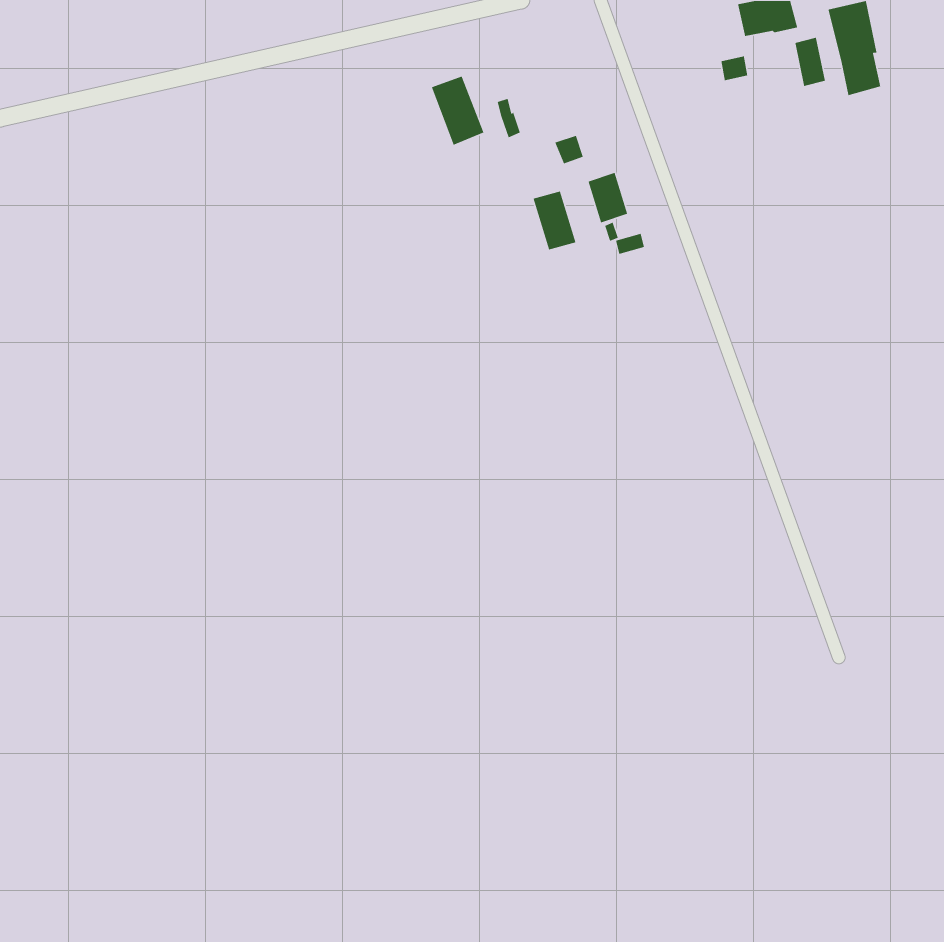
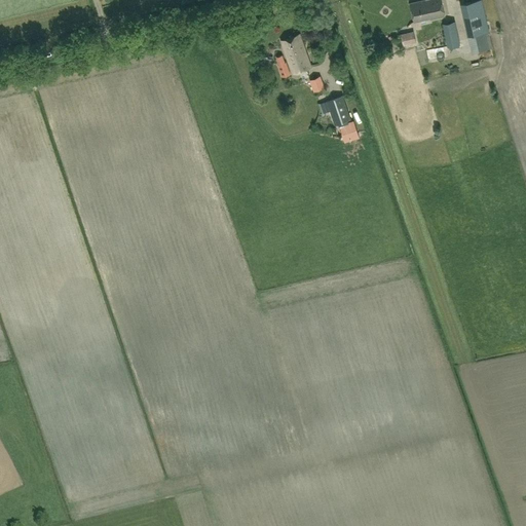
building: [431,76,484,146] -> [280,35,310,74]
building: [533,191,576,251] -> none

